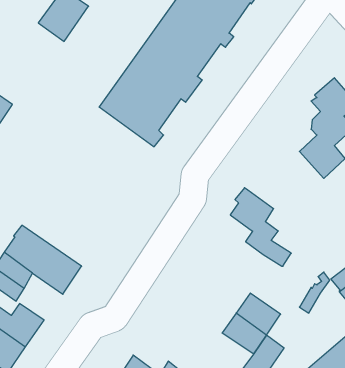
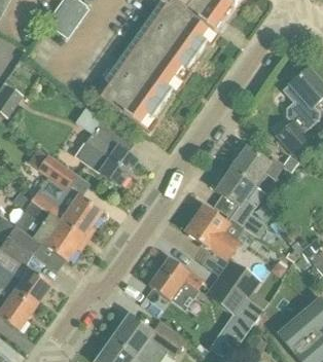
building: none -> [75,107,137,185]
building: none -> [229,147,298,185]
building: none -> [31,152,101,236]
building: none -> [185,208,243,256]
building: none -> [148,259,201,306]

